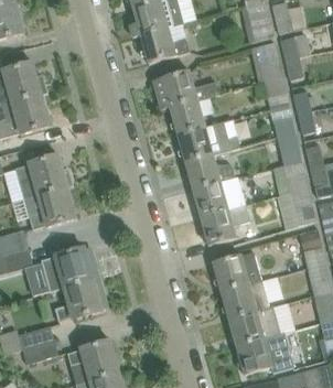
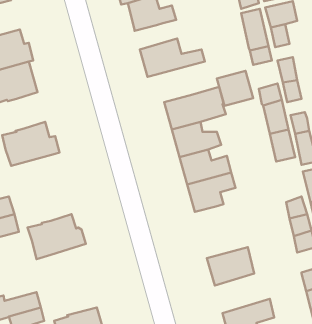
building: [170,99,206,134] -> [217,71,253,106]
building: [24,186,76,229] -> none
building: [290,190,315,224] -> none
building: [213,252,261,291] -> none
building: [54,277,104,322] -> none
building: [228,305,280,346] -> none

